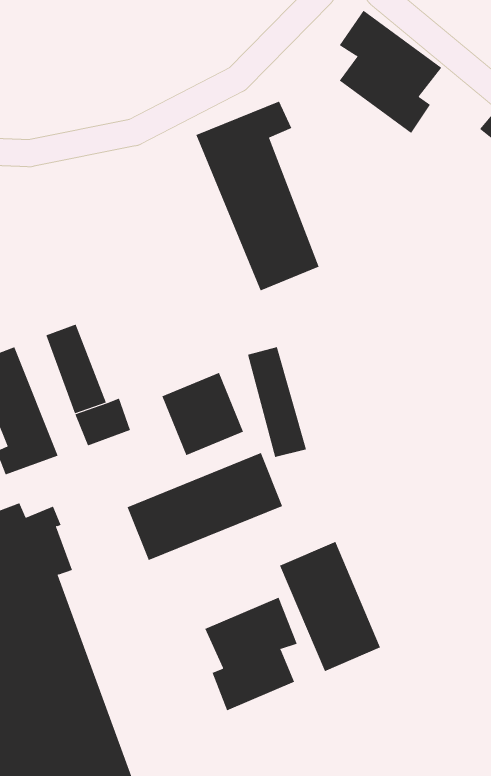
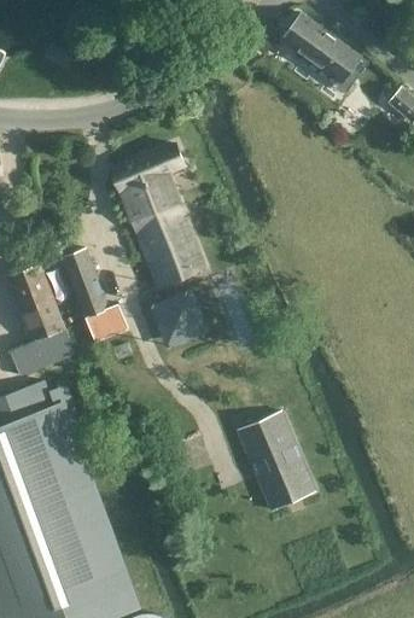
building: [196,101,320,291] -> [112,145,205,287]
building: [127,452,283,561] -> none
building: [205,597,298,711] -> none

